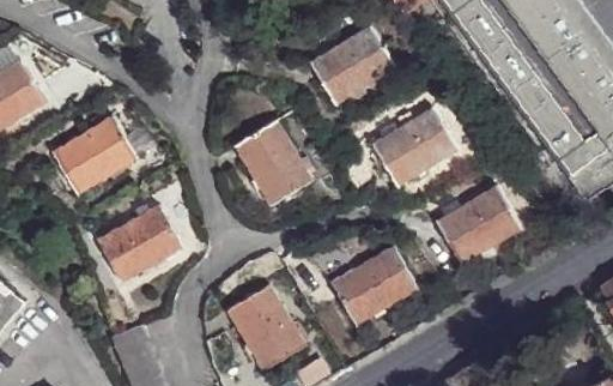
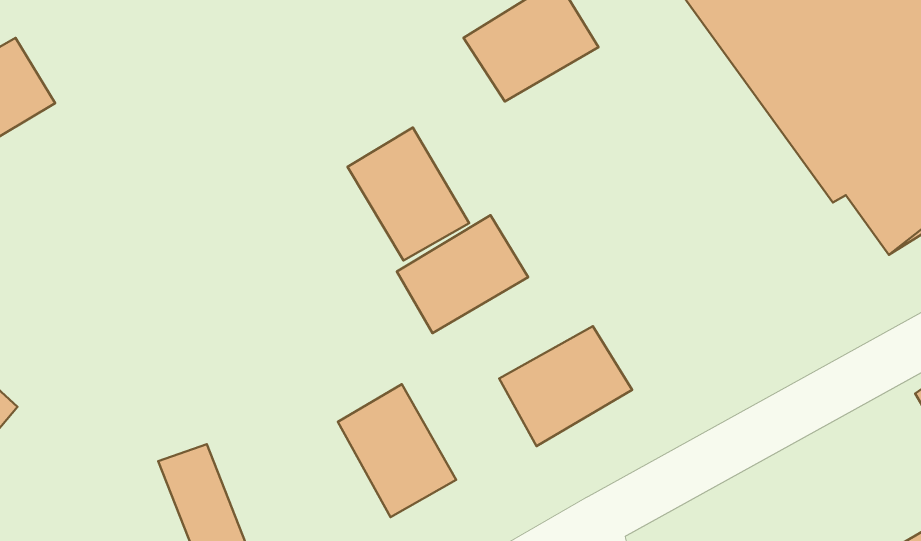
building: [375,108,459,183] -> [397,215,528,333]
building: [55,117,142,197] -> none
building: [437,187,521,263] -> none
building: [97,205,182,282] -> none

